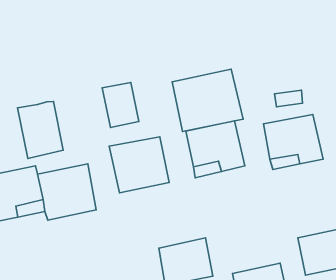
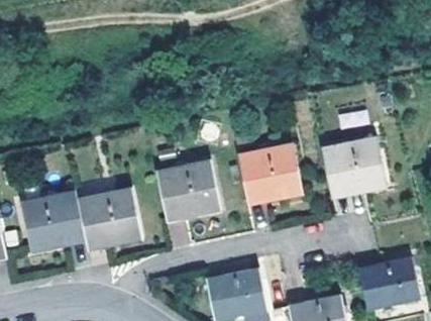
building: [172,69,243,131] -> none
building: [102,82,139,128] -> none
building: [18,102,63,158] -> none

